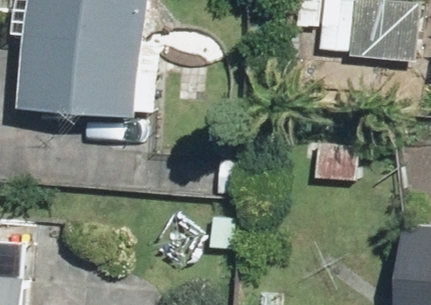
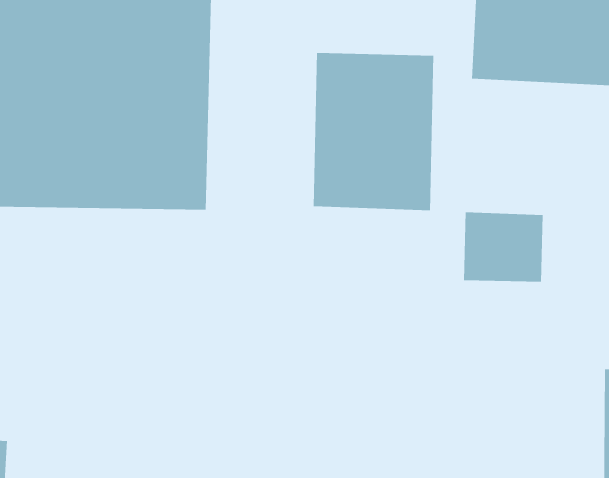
building: none -> [313,52,434,211]

